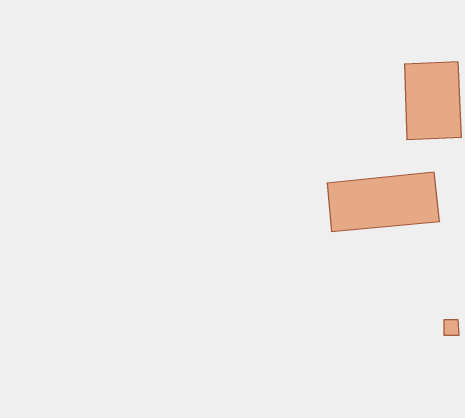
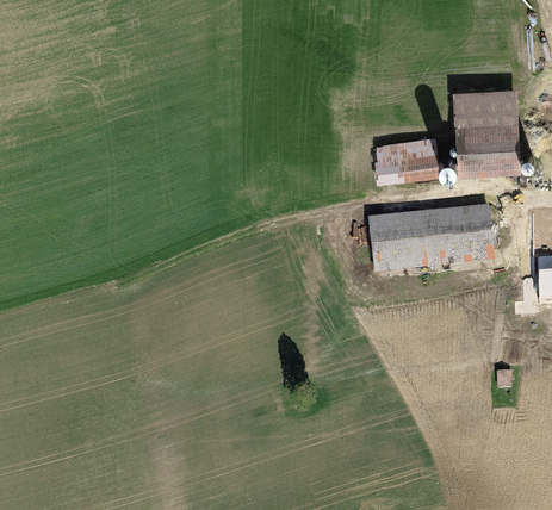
building: none -> [376,137,439,181]

